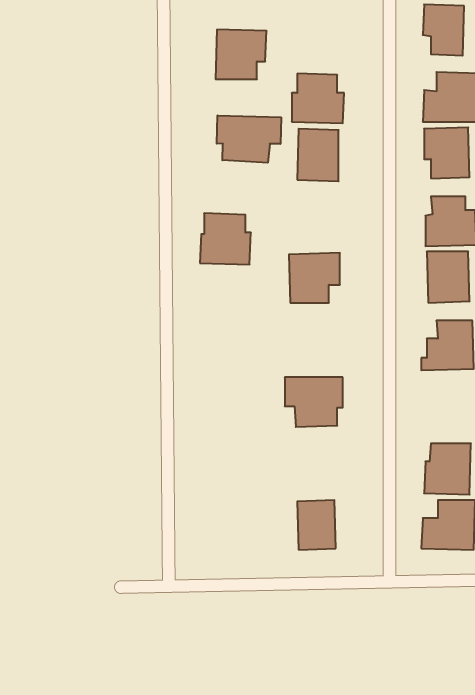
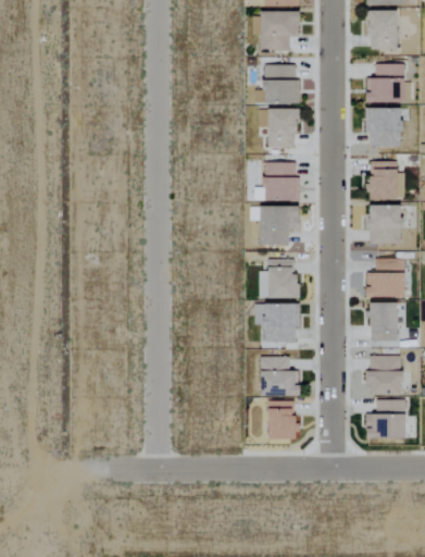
building: [216,30,267,79] -> [259,11,299,50]
building: [217,115,281,163] -> none
building: [200,213,251,264] -> [261,161,301,201]
building: none -> [260,259,299,298]
building: none -> [366,302,397,342]
building: none -> [259,356,299,397]

